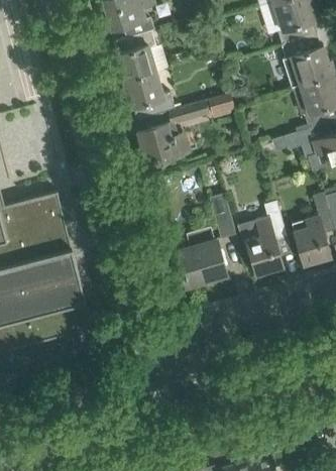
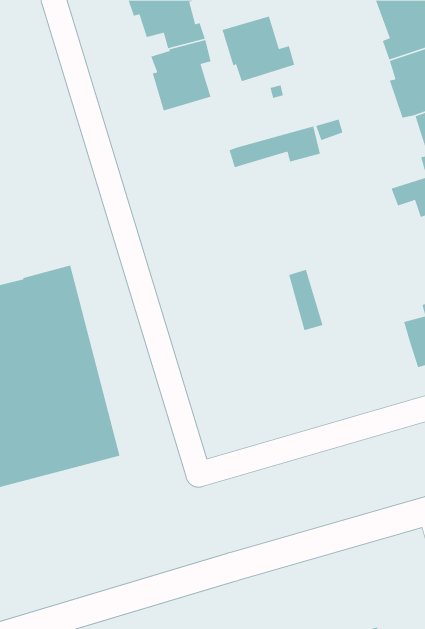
building: [123,74,176,121] -> [221,15,295,82]
building: [137,125,186,165] -> none
building: [237,204,287,280] -> none
building: [176,229,225,288] -> none

